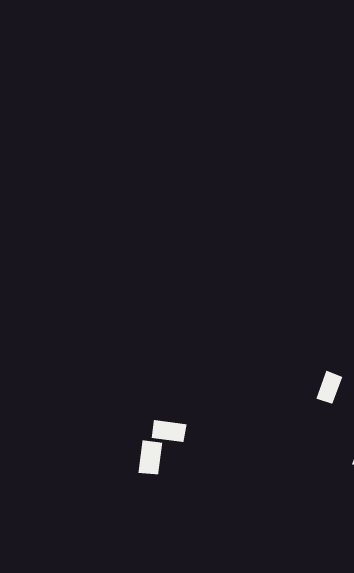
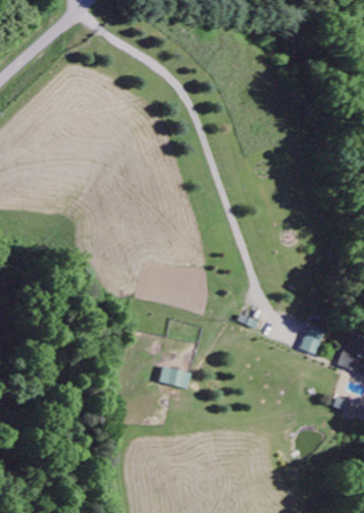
building: [138,439,163,475] -> none

